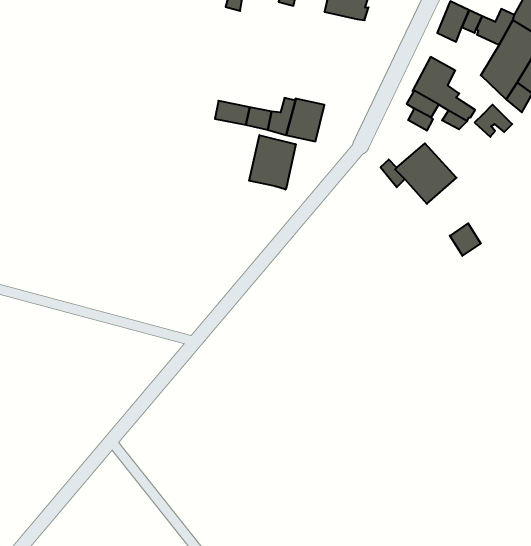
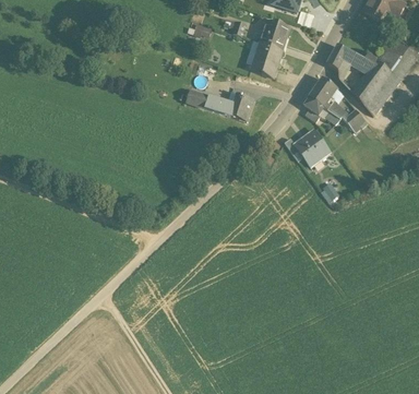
building: none -> [252,43,279,77]
building: [249,135,296,190] -> none

